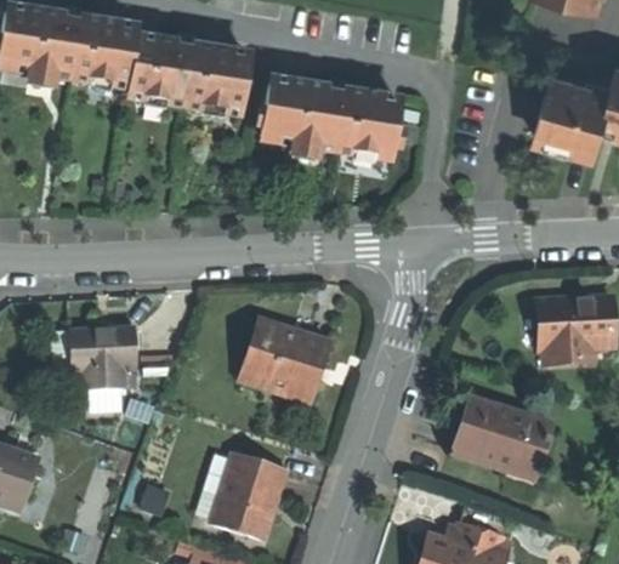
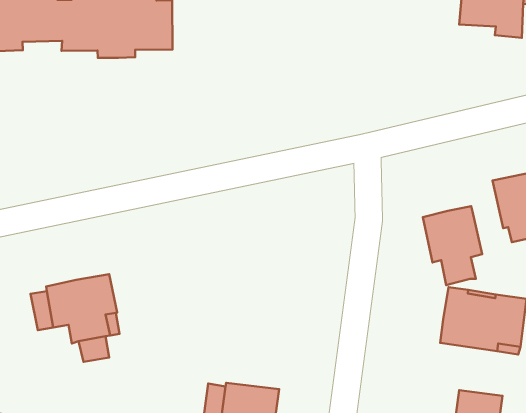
building: [261,81,399,158] -> none
building: [243,319,333,401] -> none
building: none -> [423,206,482,285]

